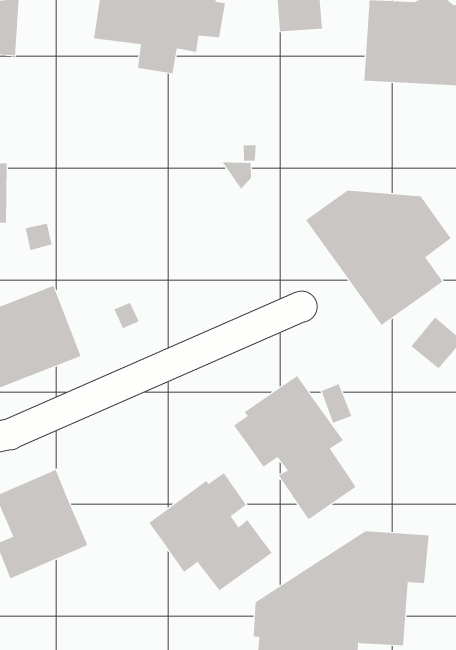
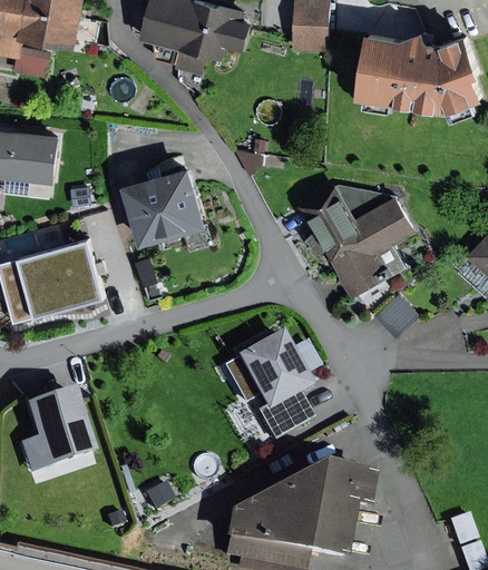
building: none -> [121,166,206,246]
building: [148,472,272,591] -> none

